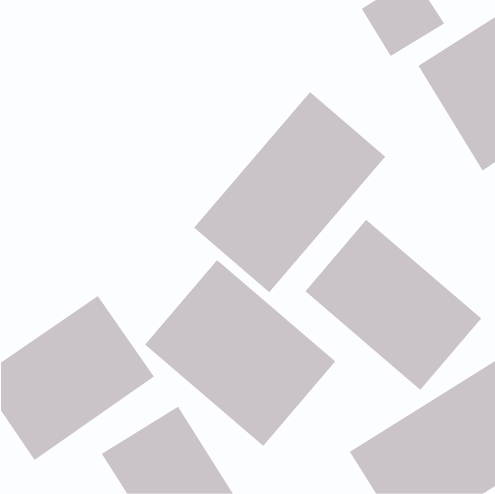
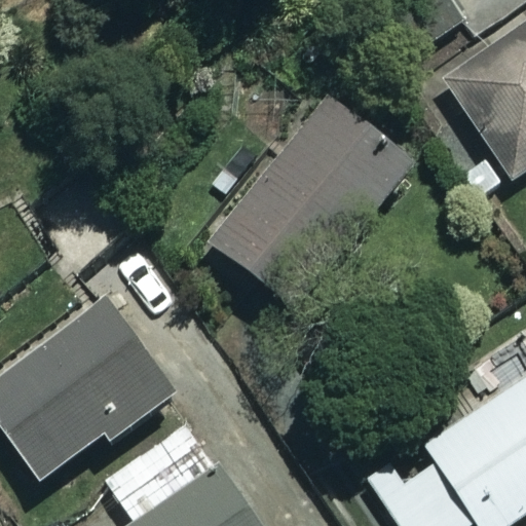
building: [304,219,482,391] -> none
building: [144,259,336,447] -> none

